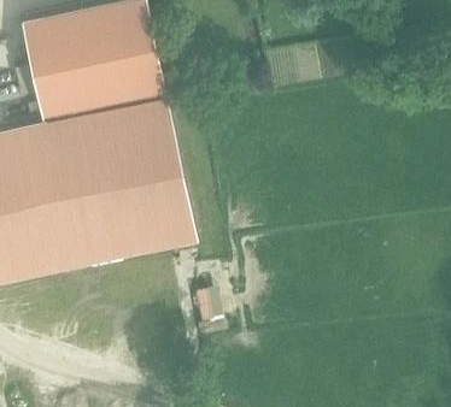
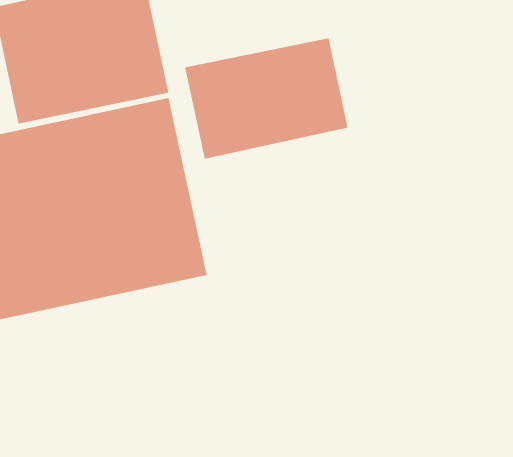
building: none -> [185,37,348,160]

